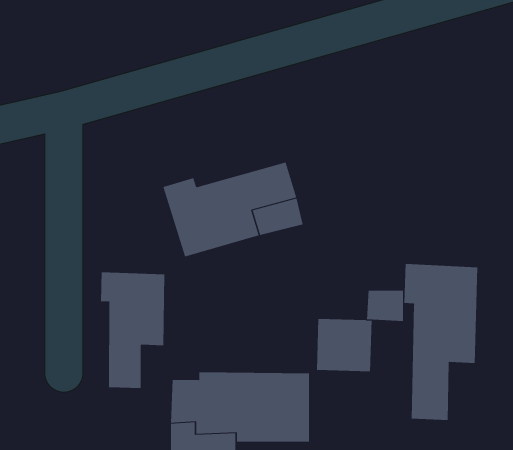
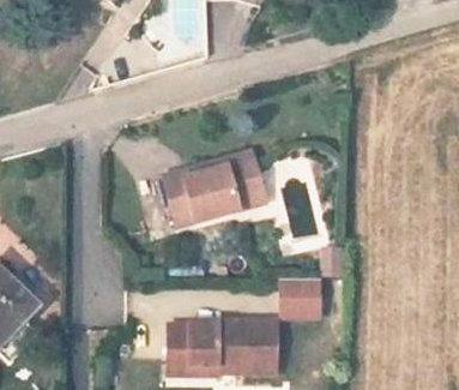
building: [404,263,478,421] -> none
building: [100,272,165,389] -> none

